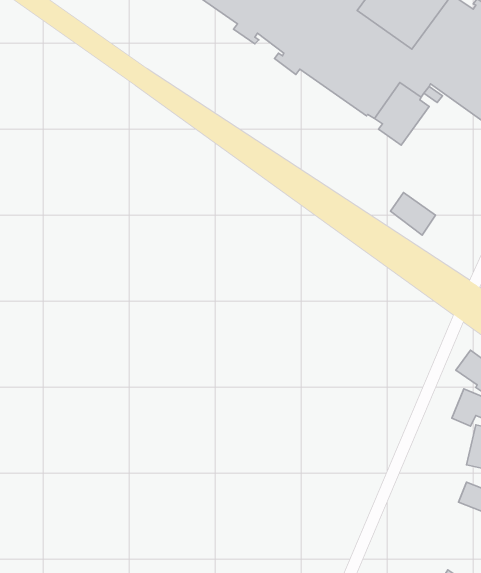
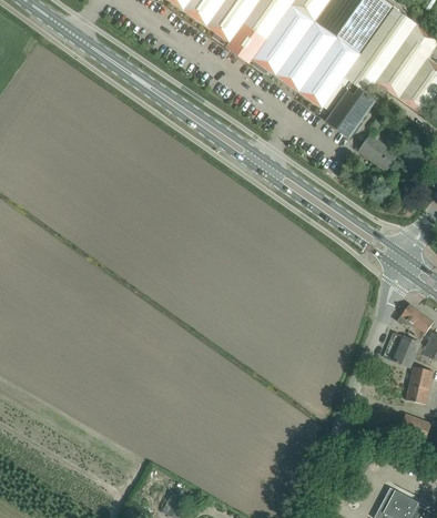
building: [390,192,436,235] -> [358,134,396,170]

